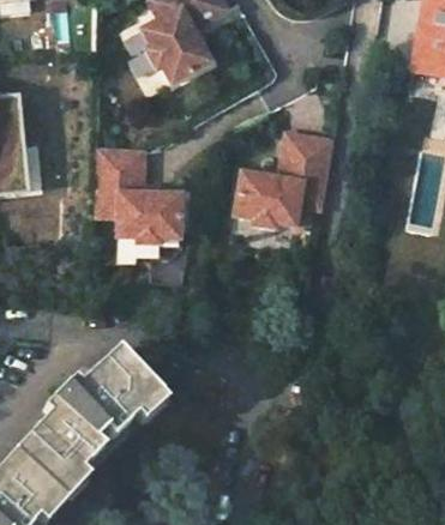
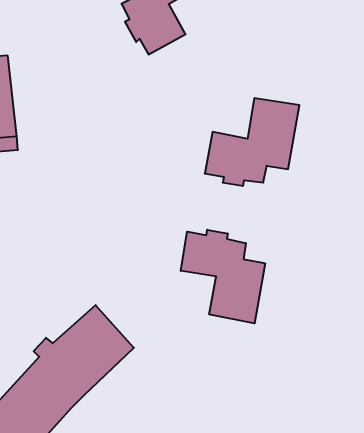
building: [94,150,179,247] -> none
building: none -> [181,230,265,323]

